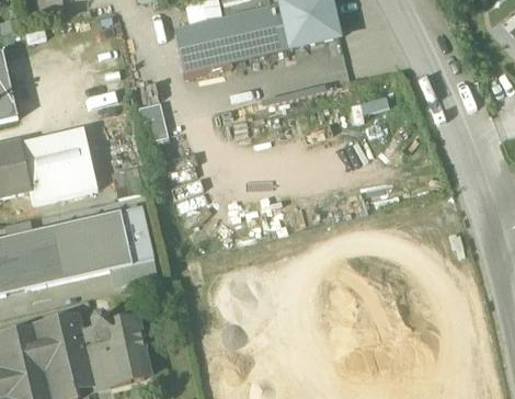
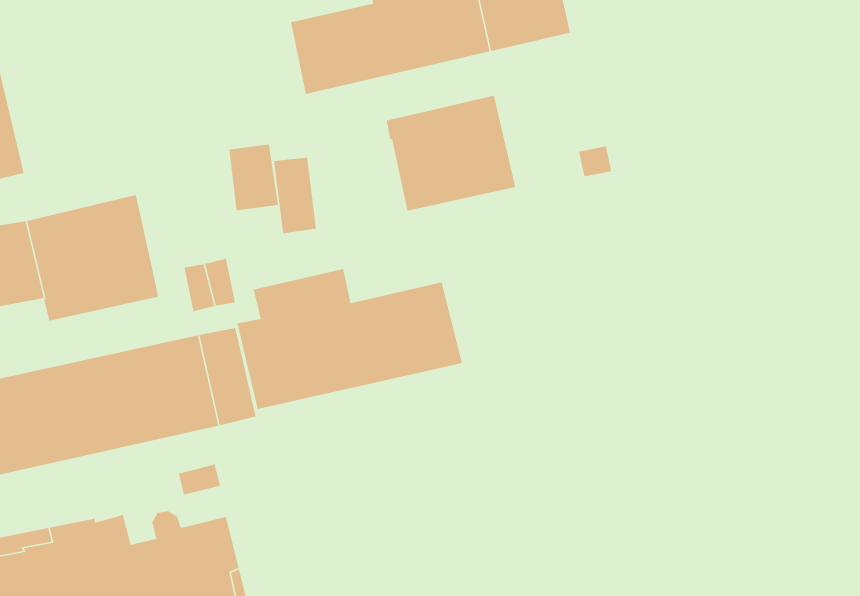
building: none -> [386,95,516,211]
building: none -> [273,157,317,234]
building: none -> [237,268,463,410]

